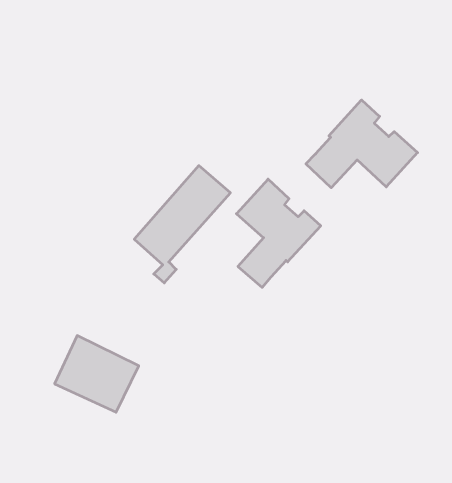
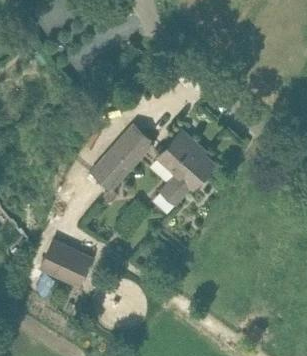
building: [306,100,418,188] -> none

